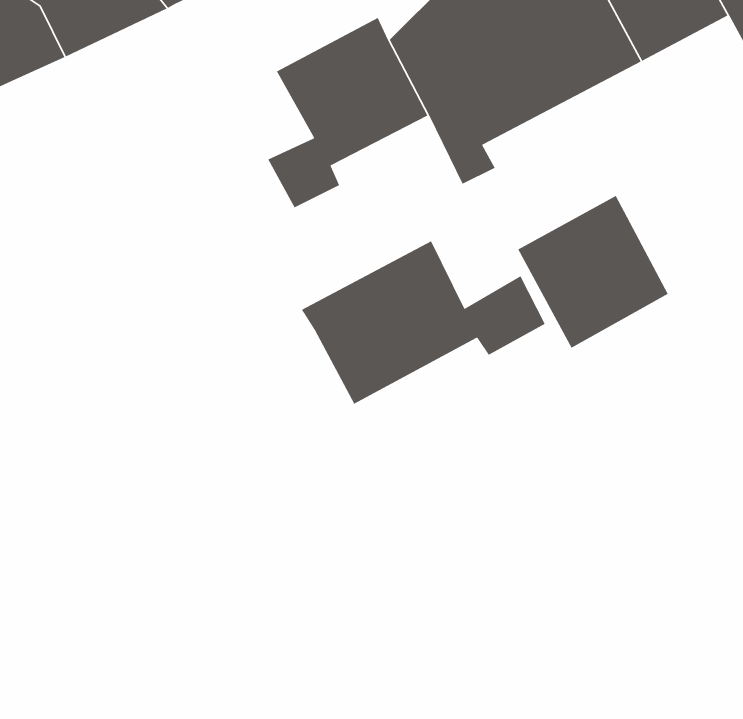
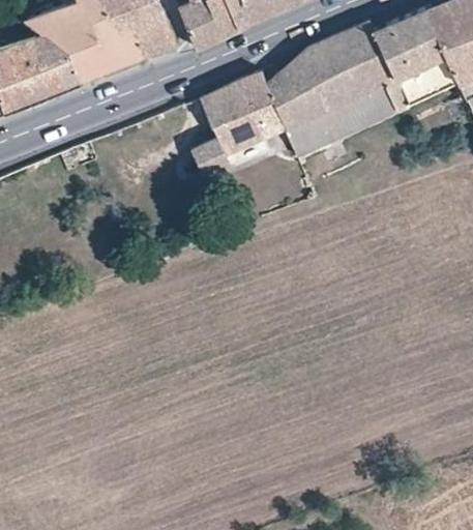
building: [517,195,669,349] -> none
building: [301,240,546,405] -> none

